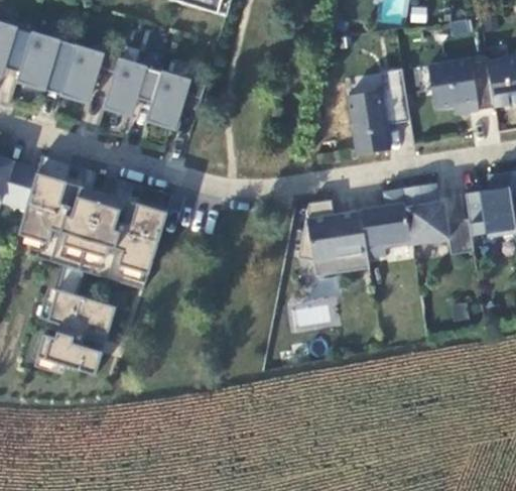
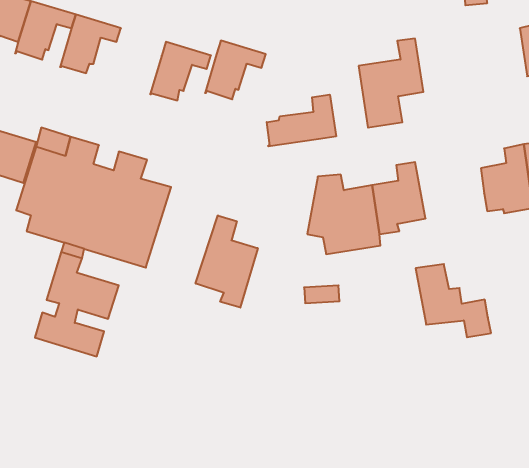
building: [428,57,495,112] -> none
building: [104,58,162,115] -> [205,41,266,99]
building: none -> [267,95,336,146]
building: [402,183,475,254] -> [416,264,491,337]
building: none -> [196,215,258,308]

